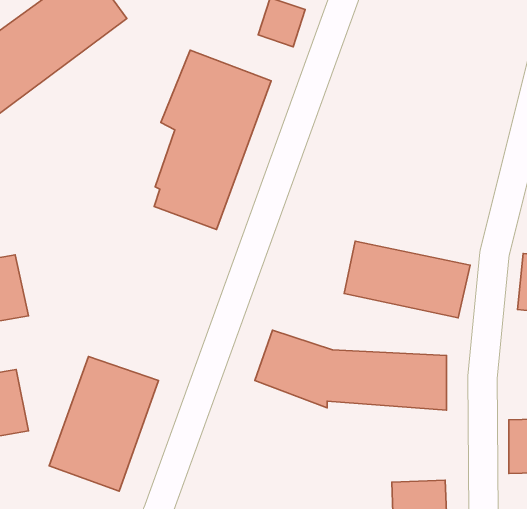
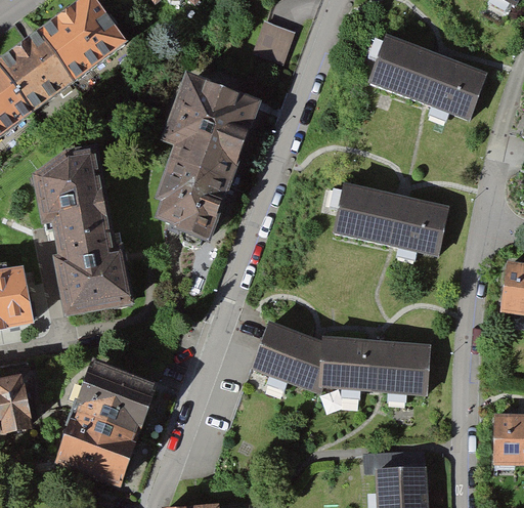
building: none -> [366,32,488,120]
building: none -> [32,145,136,316]
building: [344,241,470,318] -> [332,181,449,253]

